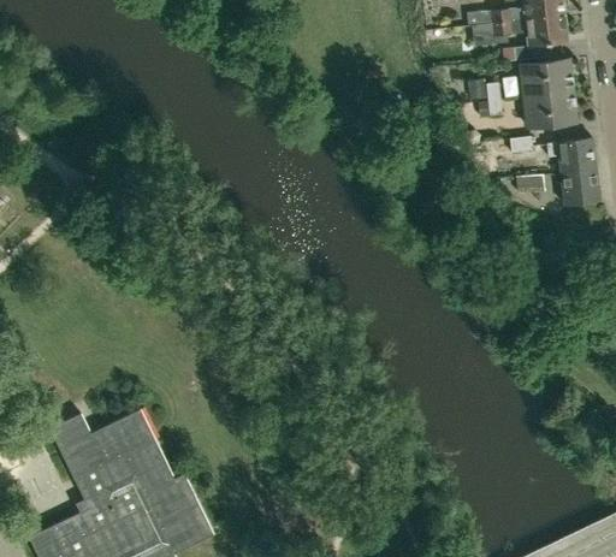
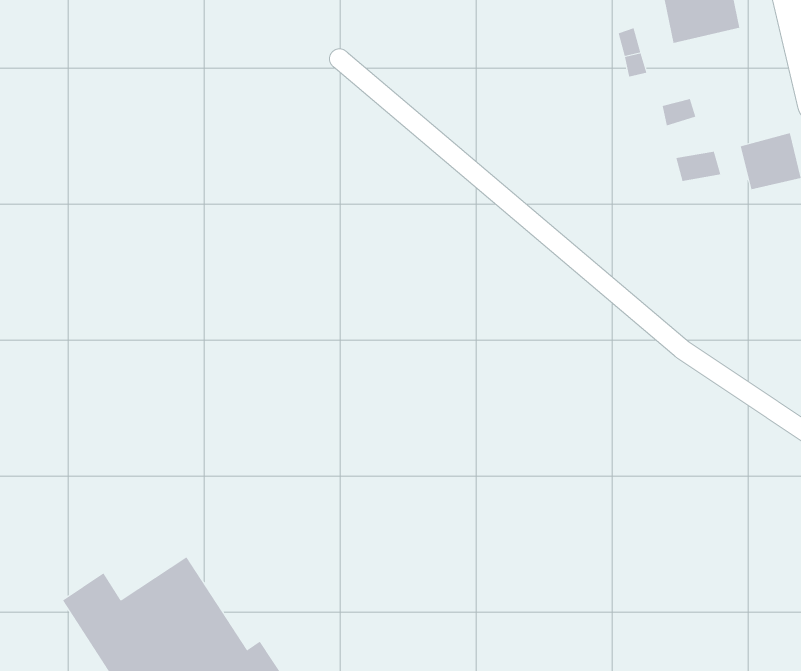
building: [522,91,574,128] -> none
building: [546,138,596,173] -> none

